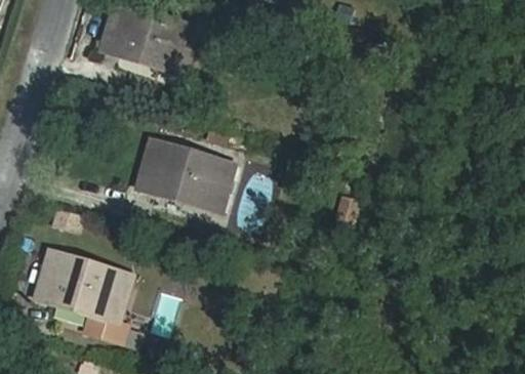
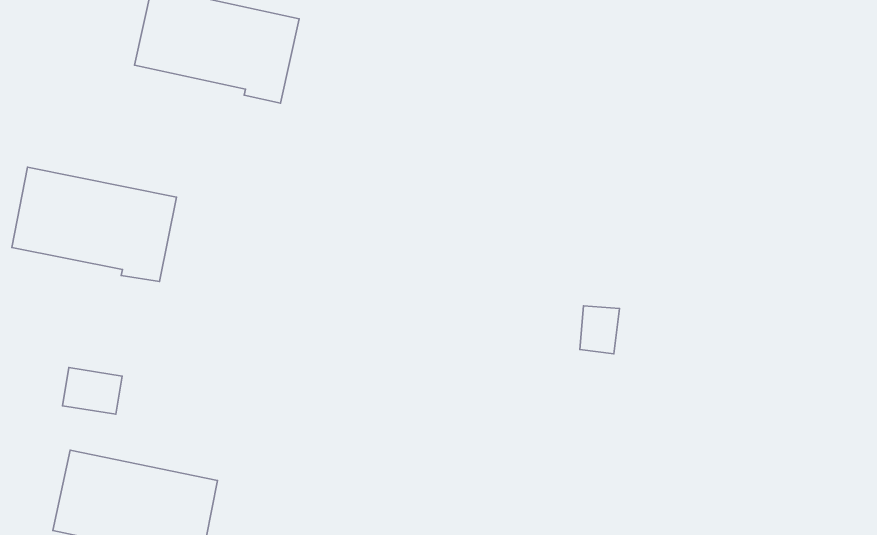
building: [137,142,230,211] -> [12,167,176,281]

